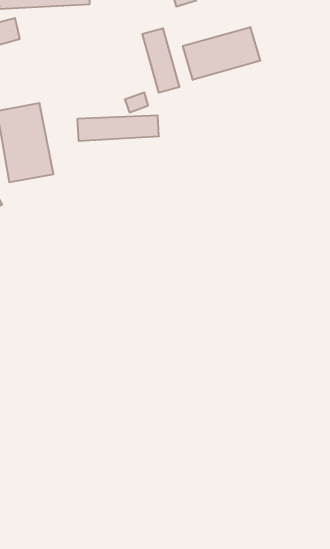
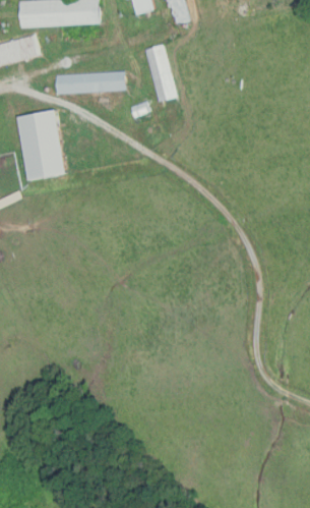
building: [183,27,260,80] -> none
building: [77,115,159,141] -> [54,71,125,94]

